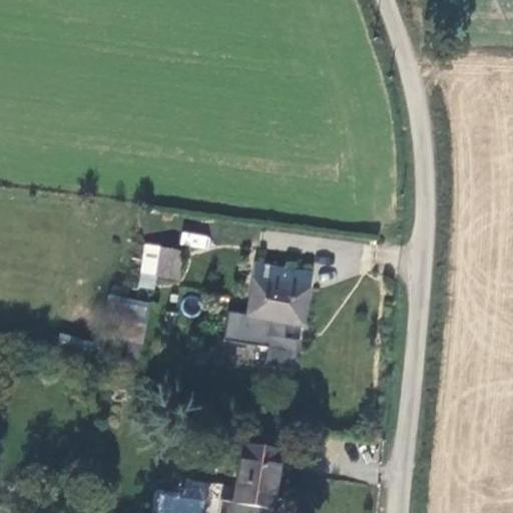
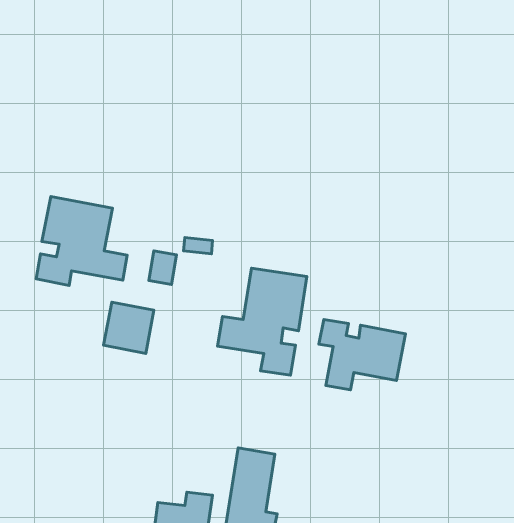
building: none -> [36,196,127,285]
building: none -> [319,319,405,390]

